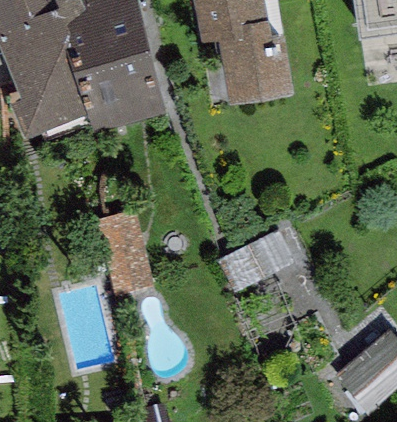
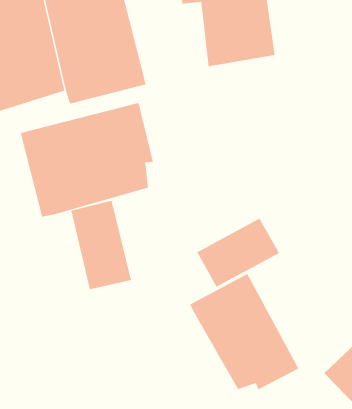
building: none -> [20,102,153,218]
building: none -> [190,273,299,390]

